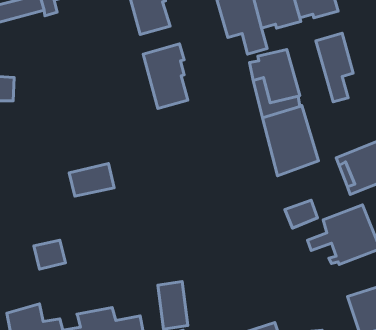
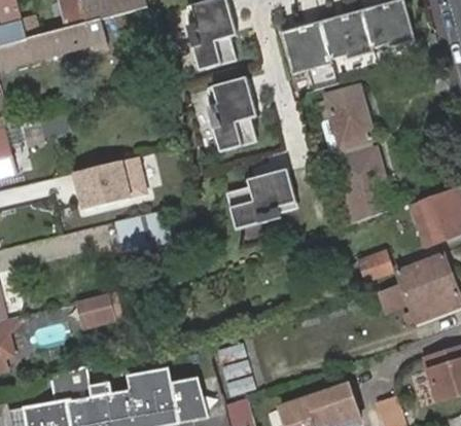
building: [316,33,353,102] -> none
building: none -> [72,156,149,212]
building: none -> [229,169,297,223]

